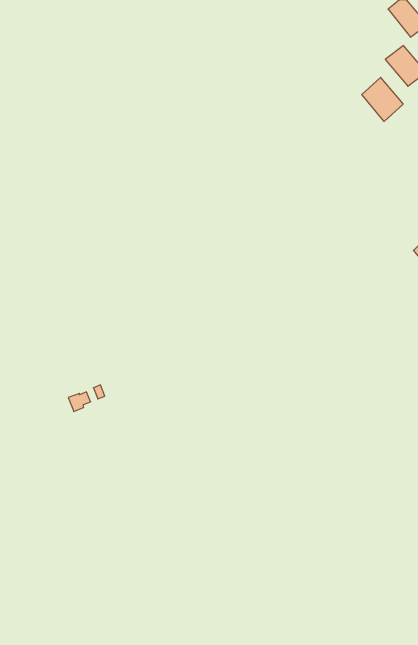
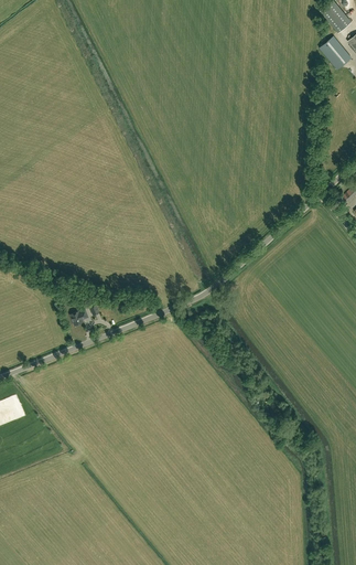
building: [362,77,403,121] -> none

